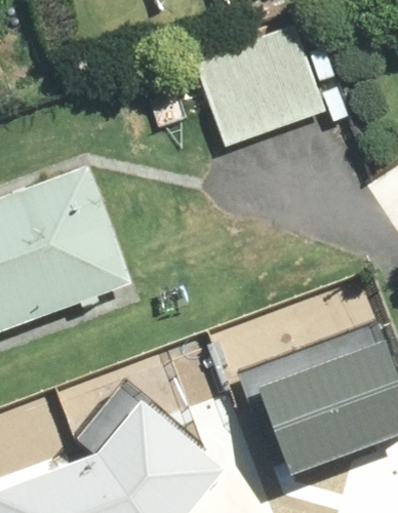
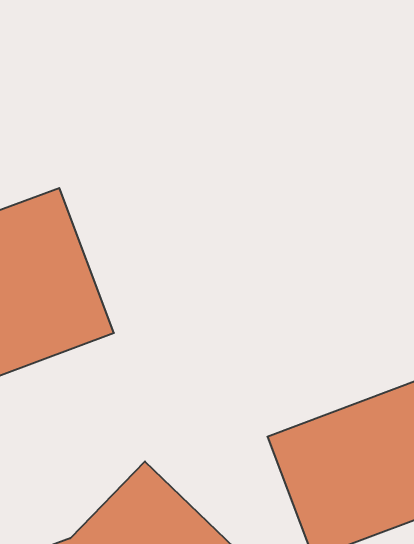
building: [190,25,326,152] -> none

